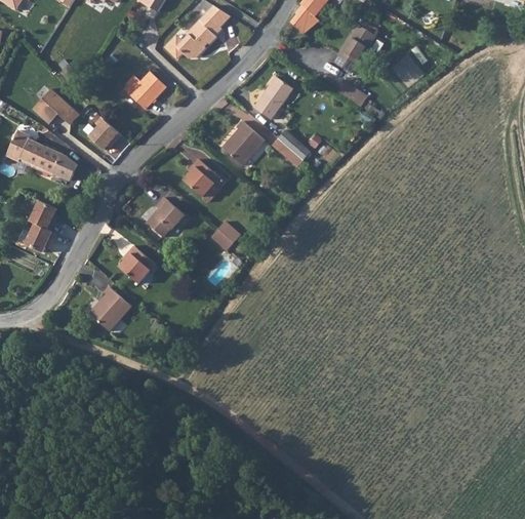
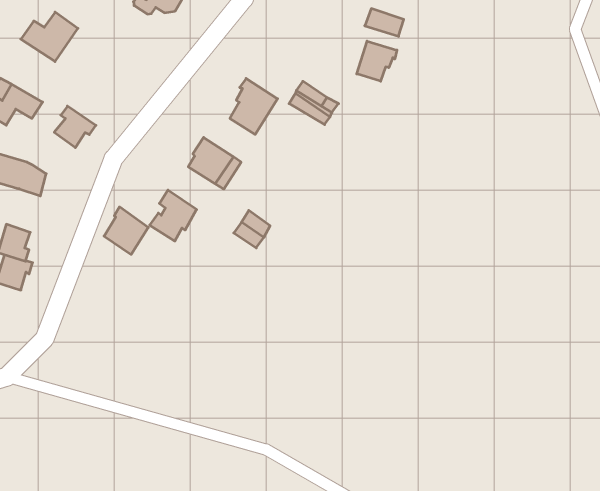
building: [119,71,164,109] -> [21,12,78,62]
building: [251,77,290,118] -> none
building: none -> [357,41,397,81]
building: [121,243,156,281] -> [104,207,148,254]
building: [91,283,131,327] -> none

